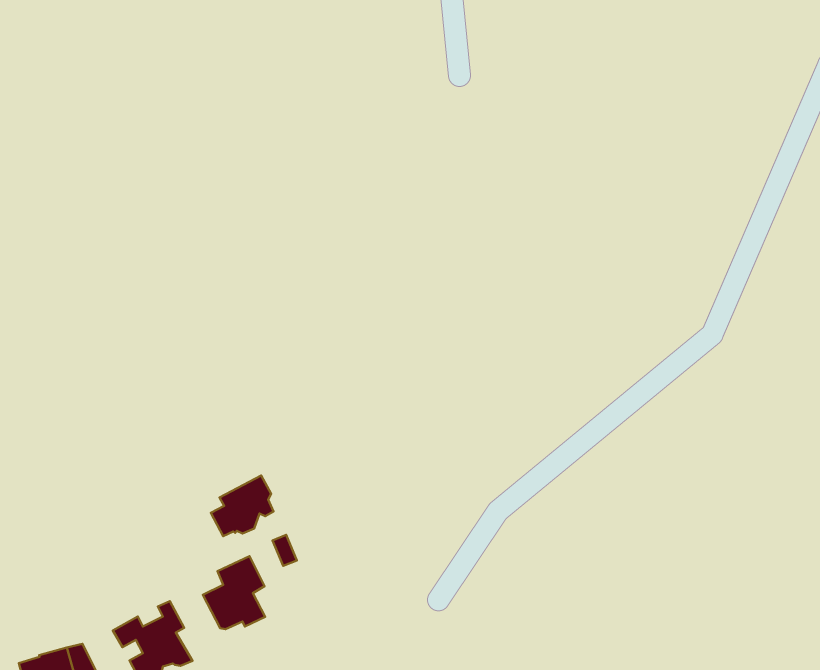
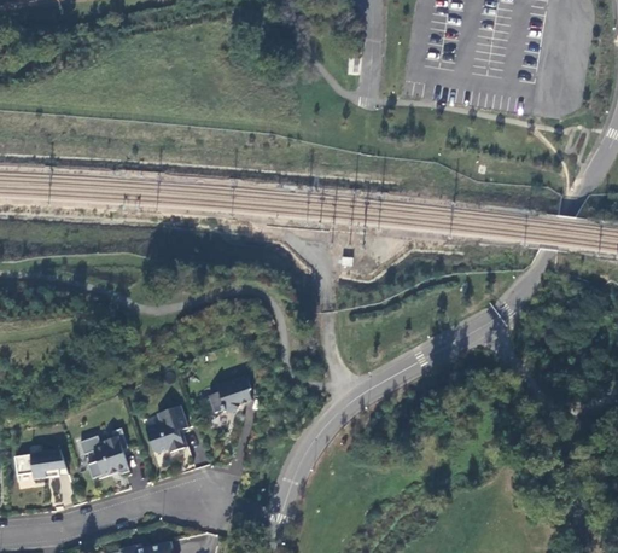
building: [211,475,273,536] -> [208,376,250,413]

